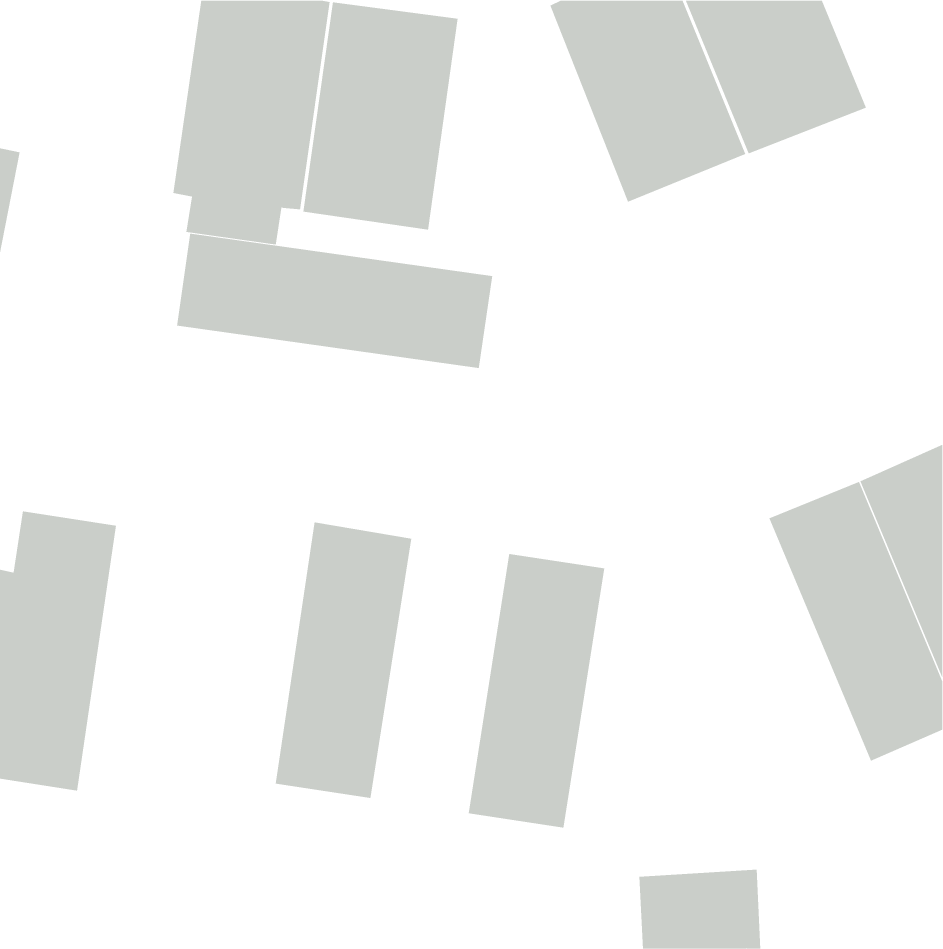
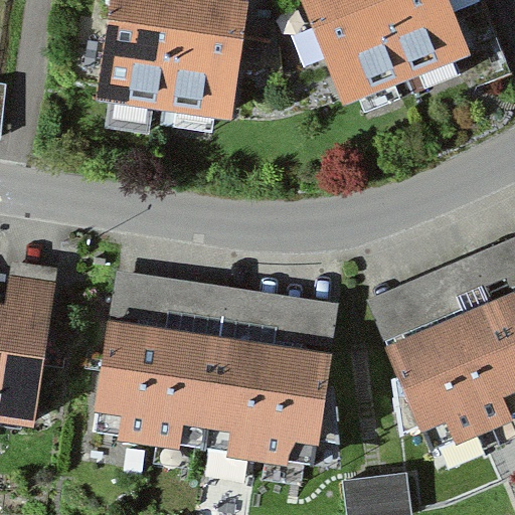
building: [176,233,493,369] -> none
building: none -> [96,275,170,424]
building: none -> [367,281,472,433]
building: none -> [201,292,276,441]

